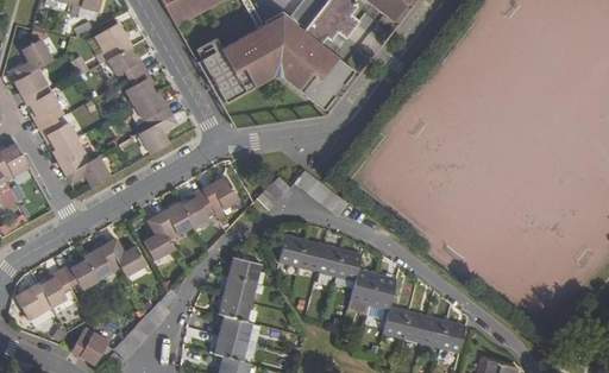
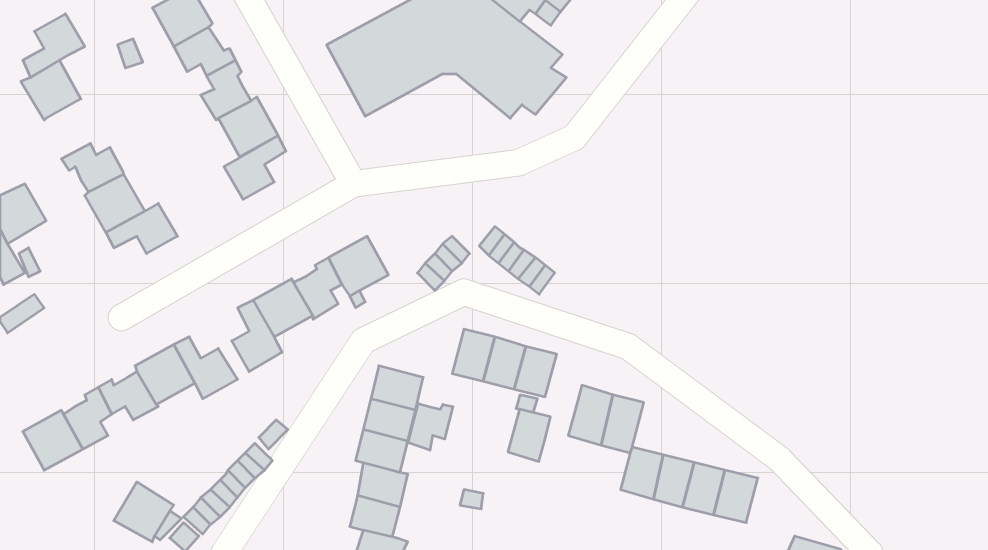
building: [29,91,59,128] -> none
building: [335,248,362,280] -> [508,409,550,461]
building: none -> [407,403,453,450]

